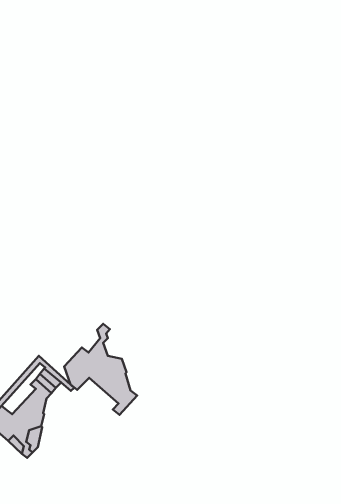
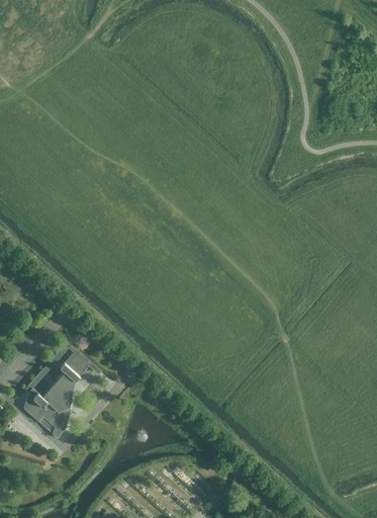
building: [64,324,137,415] -> none

